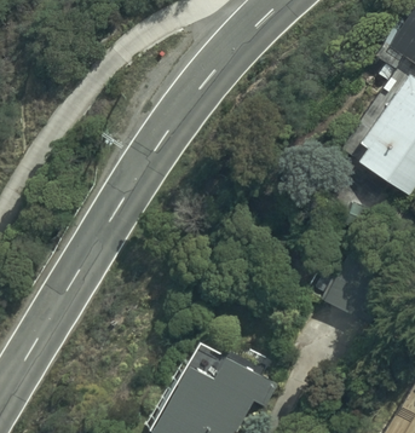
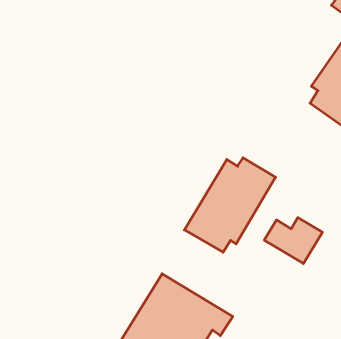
building: none -> [184,158,276,252]

